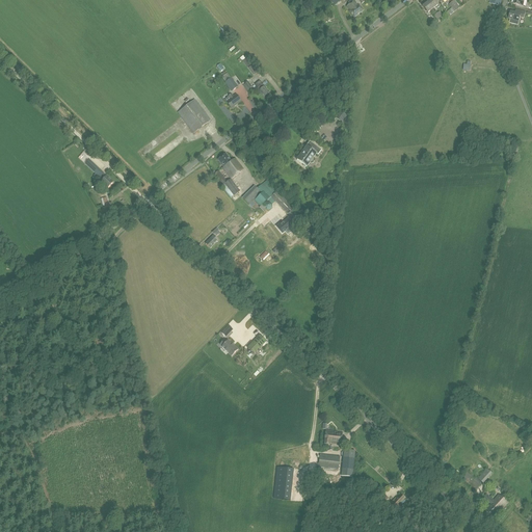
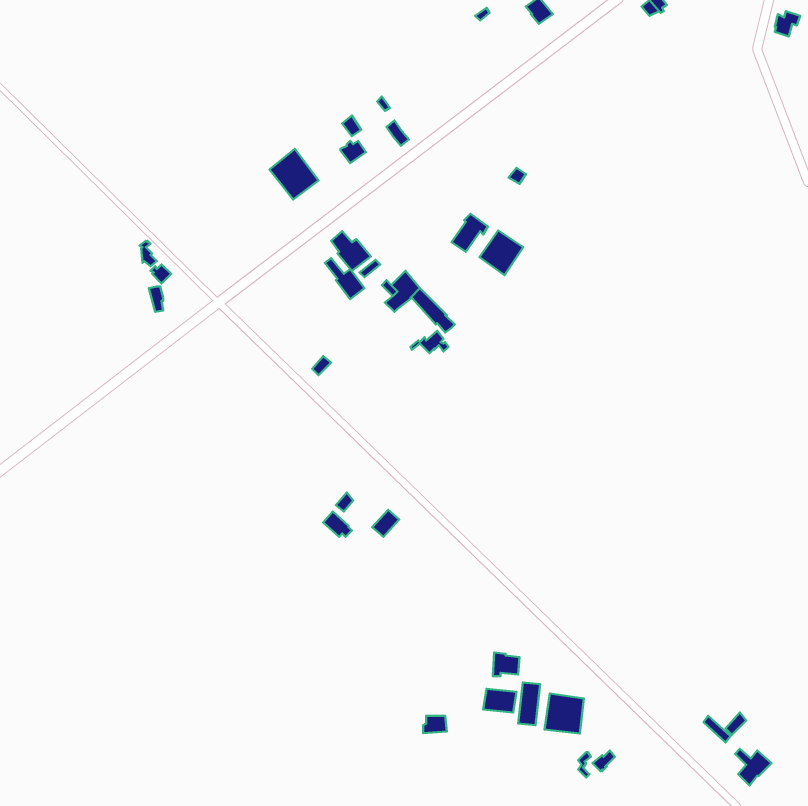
building: none -> [479,231,523,275]
building: none -> [544,693,584,734]

